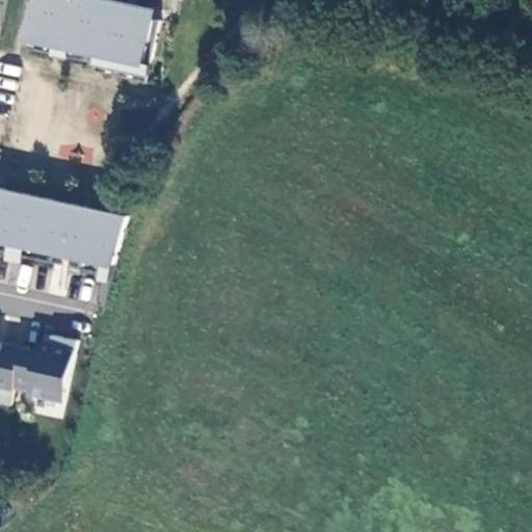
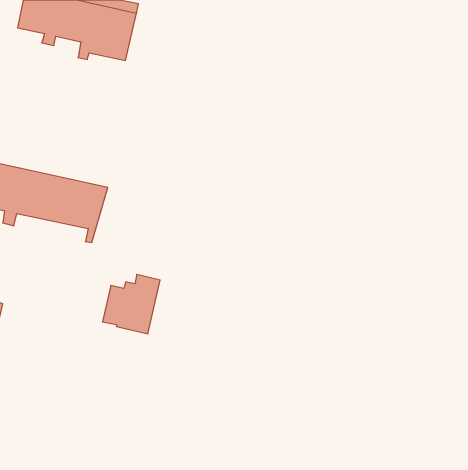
building: [6,334,71,400] -> [102,274,160,334]

